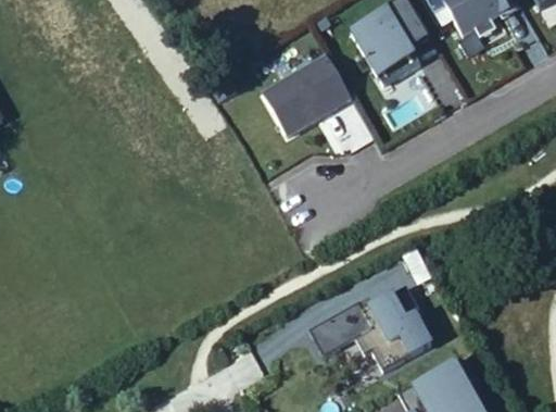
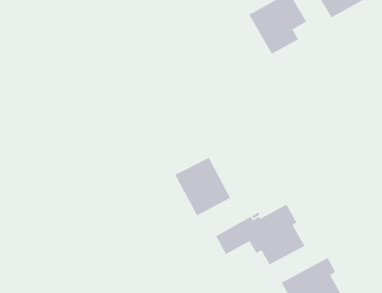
building: [262,55,351,139] -> none
building: none -> [174,157,231,216]

